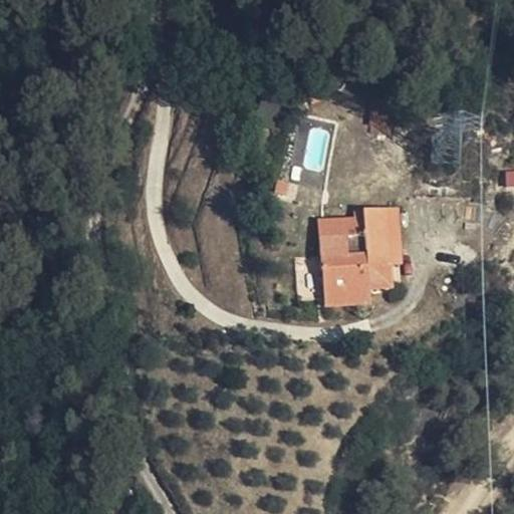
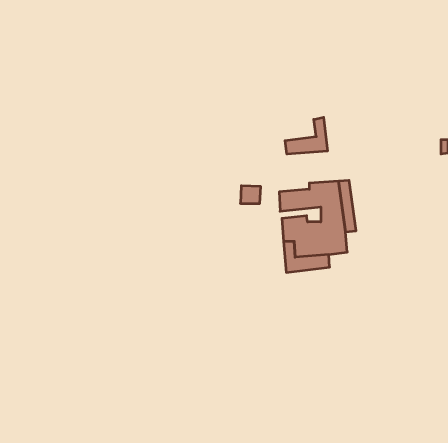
building: none -> [285,117,327,154]

